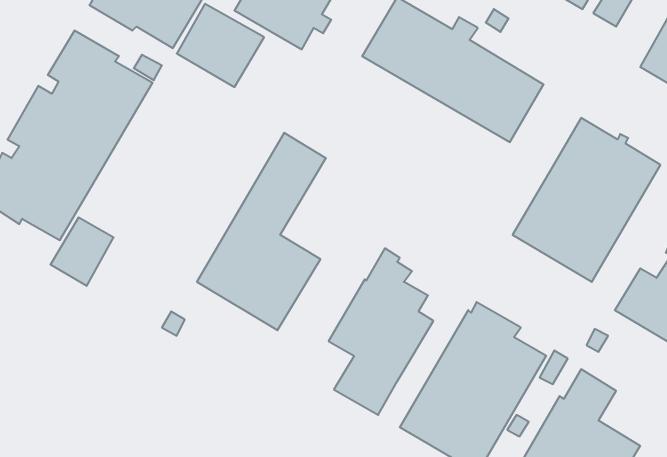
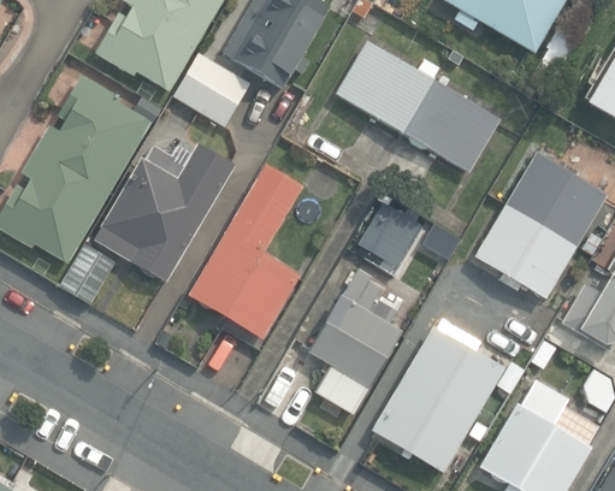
building: none -> [94,141,233,279]
building: none -> [360,206,421,268]

